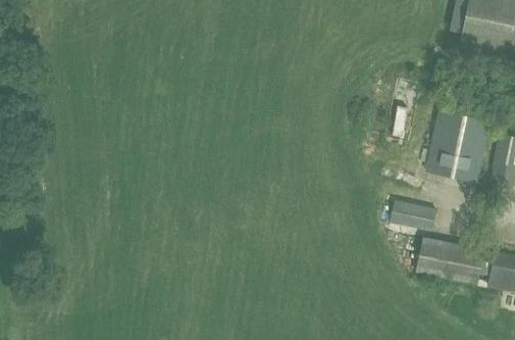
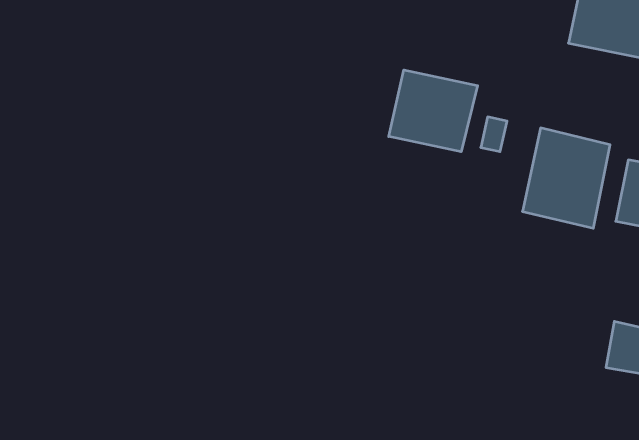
building: none -> [389,70,478,152]
building: [390,200,436,231] -> none
building: [417,238,484,283] -> none

